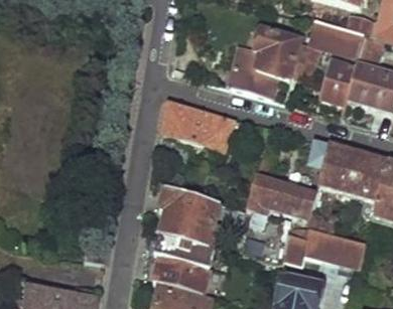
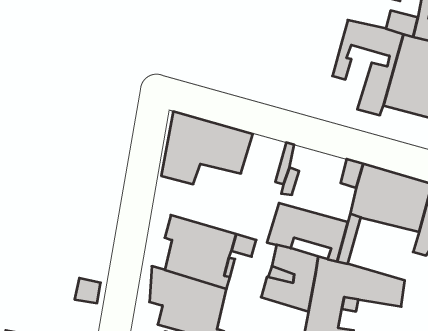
building: [232,25,311,94] -> none

